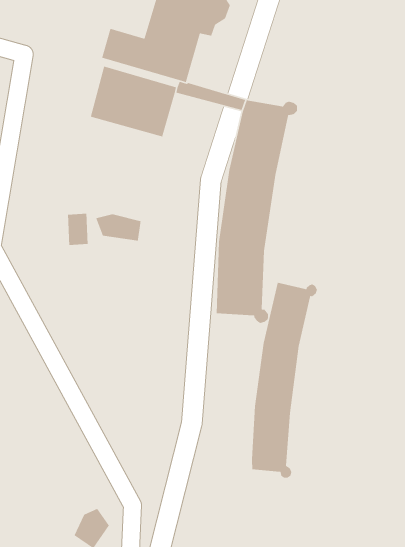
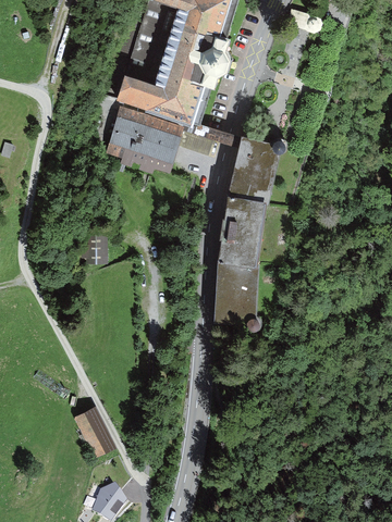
building: [95,214,141,241] -> none
building: [251,282,318,478] -> none
building: none -> [73,409,115,460]

